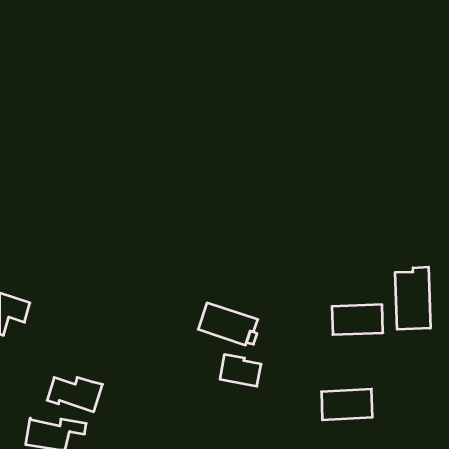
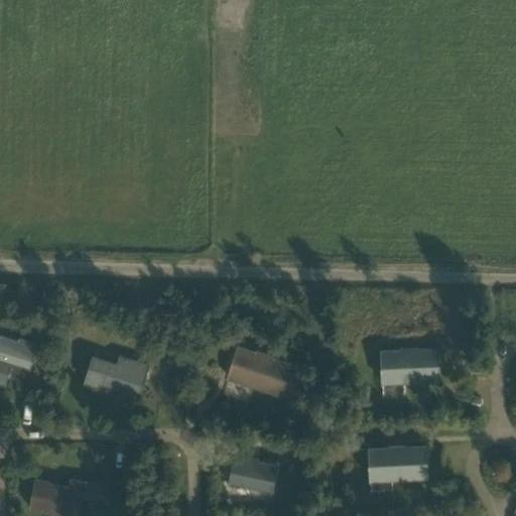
building: [395,267,430,329] -> none
building: [220,355,261,386] -> [229,456,276,492]
building: [47,377,103,412] -> [85,358,148,397]

